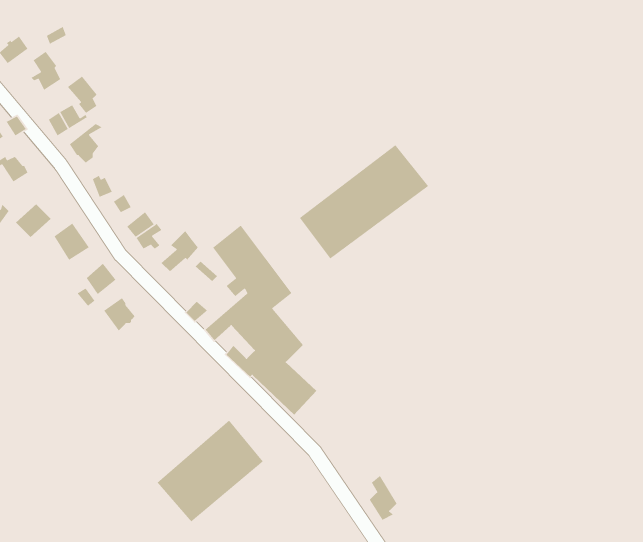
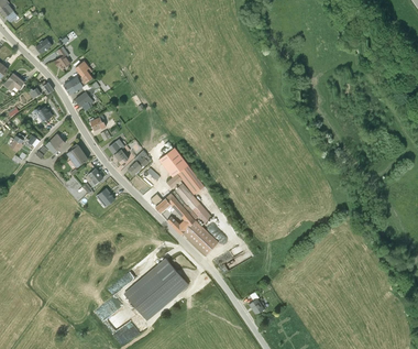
building: [299,144,429,260] -> none

